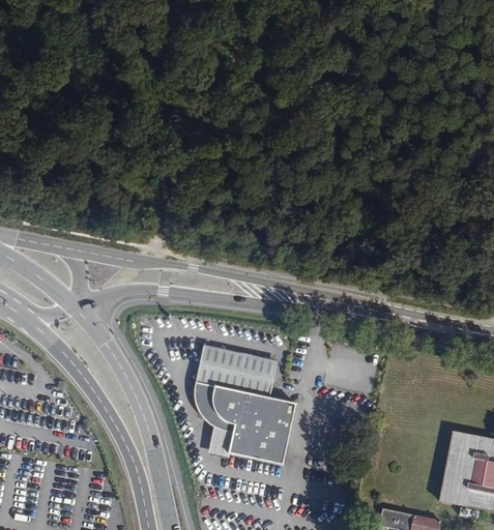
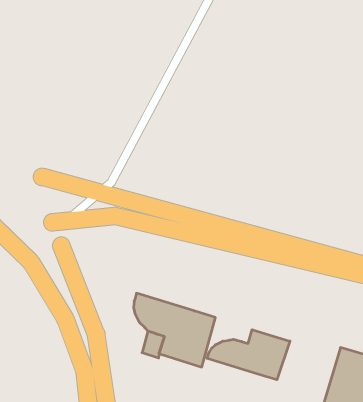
building: [196,343,278,398] -> none
building: none -> [207,330,290,380]

